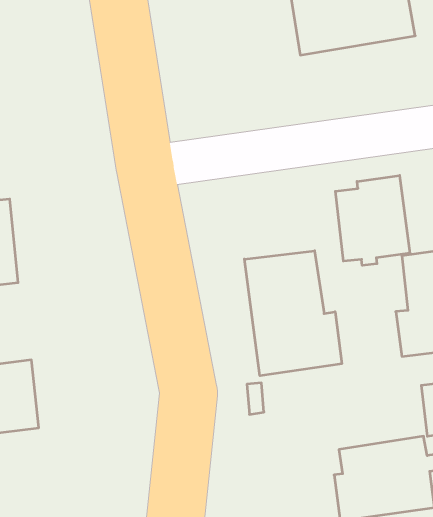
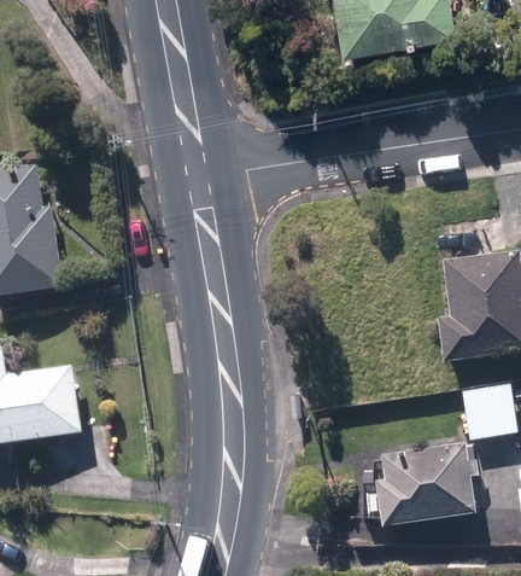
building: [335,175,410,265] -> none
building: [244,251,342,376] -> none

